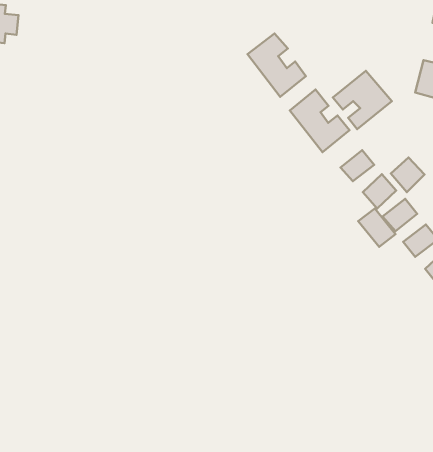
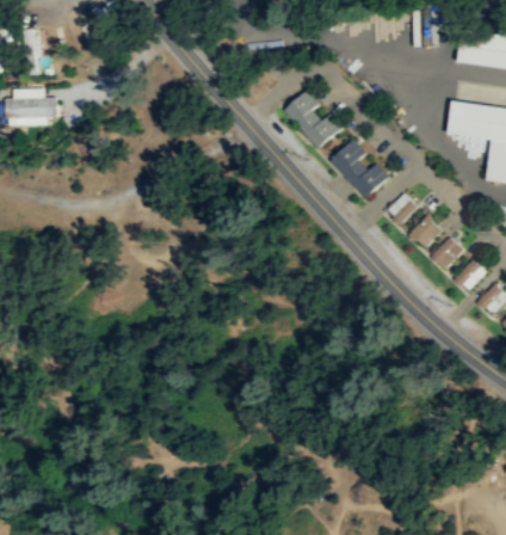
building: [333,71,392,129] -> none
building: [391,157,424,192] -> none
building: [358,209,396,247] -> none

